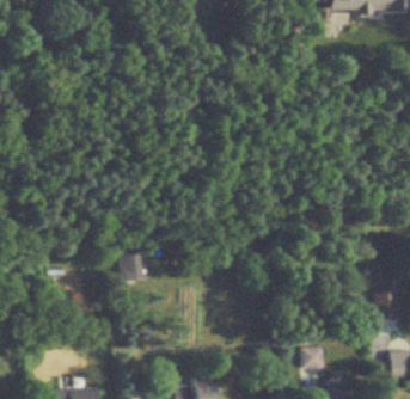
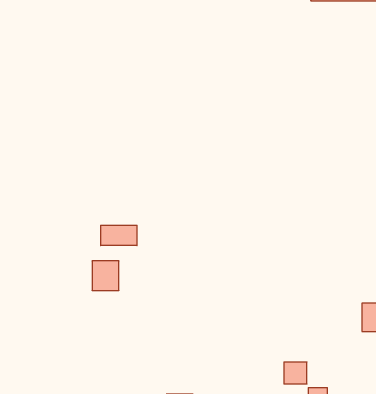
building: none -> [101,225,137,246]

